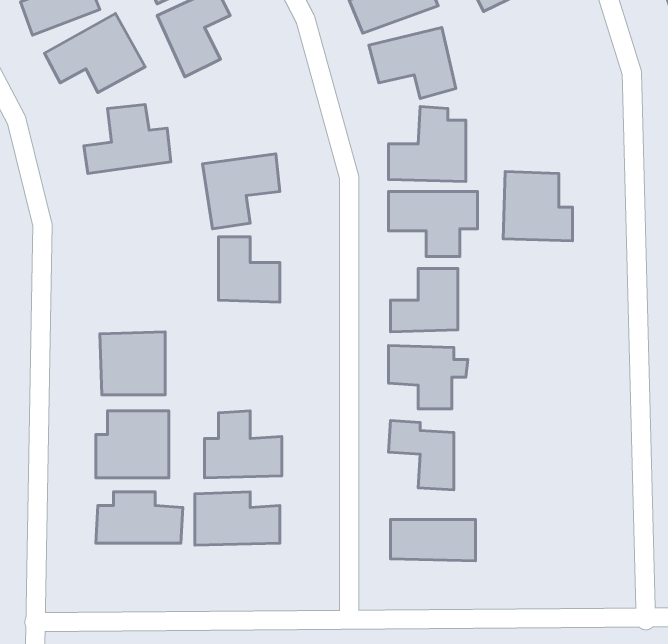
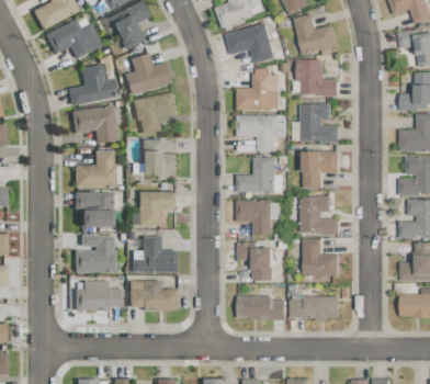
building: none -> [294,14,338,54]
building: none -> [125,54,174,94]
building: none -> [297,59,339,94]
building: none -> [71,106,117,143]
building: none -> [303,150,339,188]
building: none -> [75,151,115,188]
building: none -> [138,192,177,226]
building: none -> [301,195,339,234]
building: none -> [303,238,339,275]
building: none -> [291,295,340,319]

